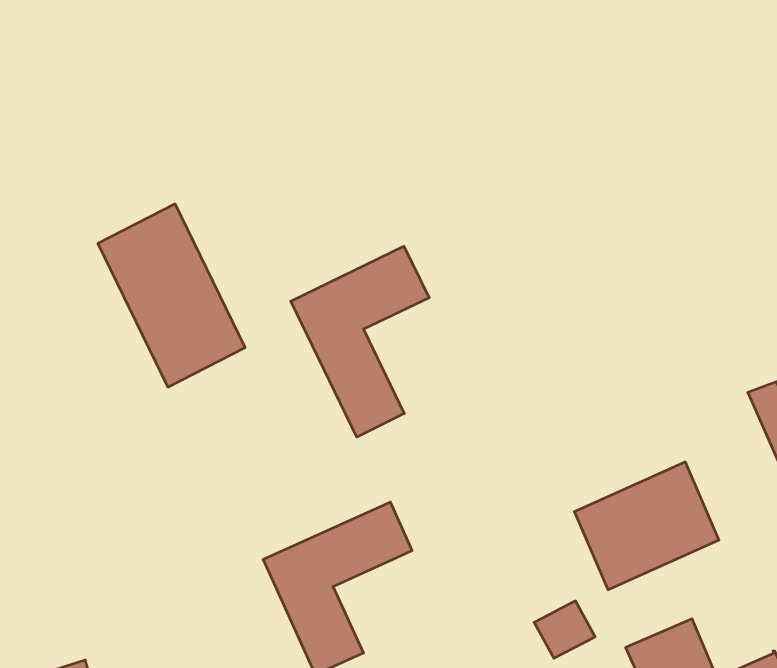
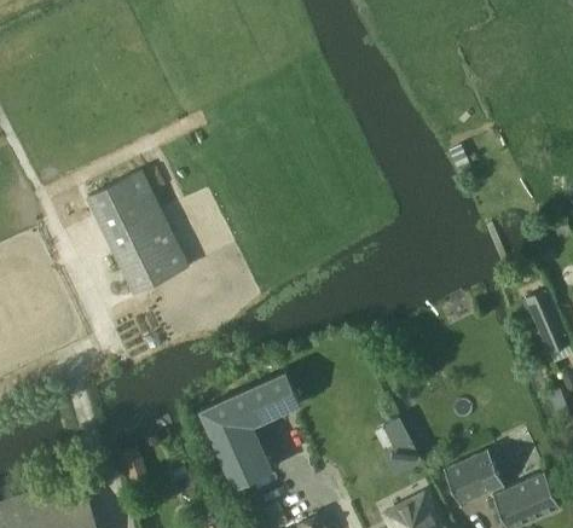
building: [291,246,429,437] -> none
building: [574,462,719,590] -> none

